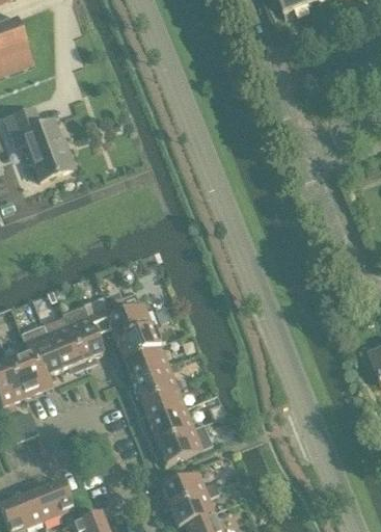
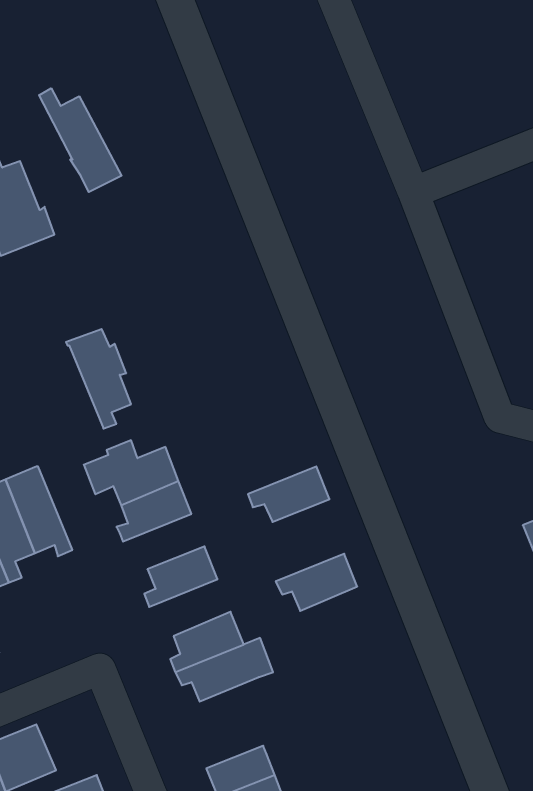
building: none -> [39,88,122,192]
building: [60,304,102,368] -> [66,329,131,429]
building: [116,345,168,380] -> [248,466,330,522]
building: [133,387,185,423] -> [276,554,357,611]
building: [161,473,218,507] -> none

